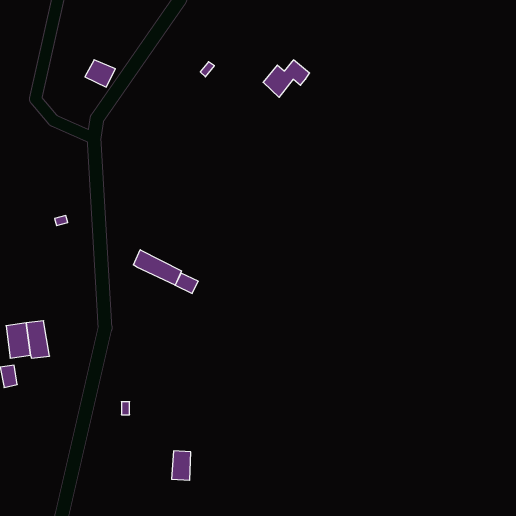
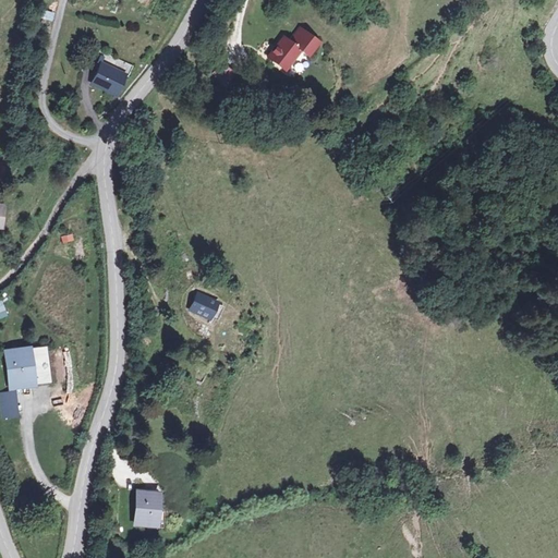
building: [263,60,310,97] -> [267,29,317,70]
building: [133,250,182,285] -> none
building: [172,451,191,480] -> [138,489,159,521]

